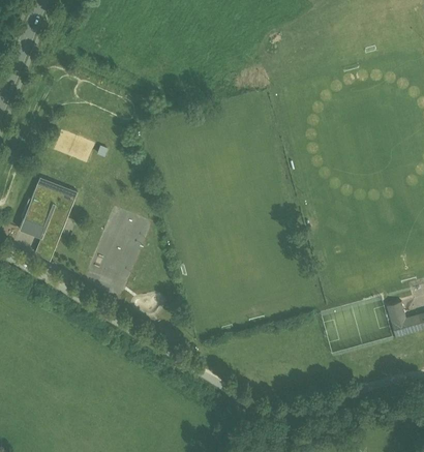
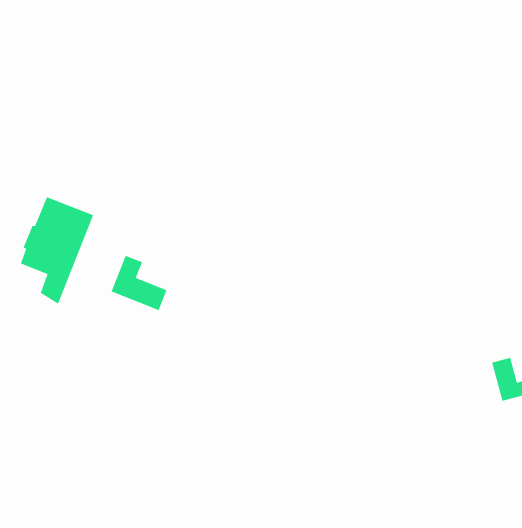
building: none -> [110,255,168,311]

